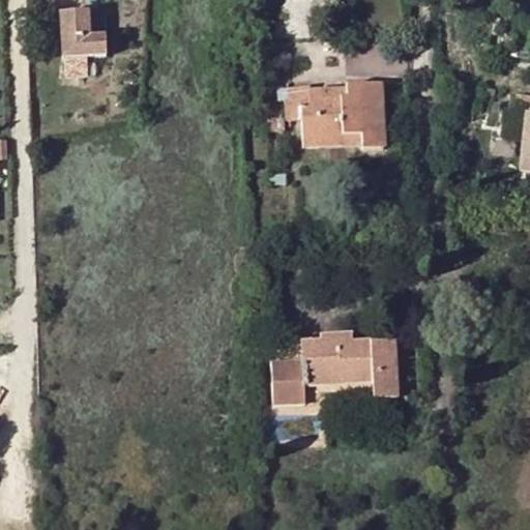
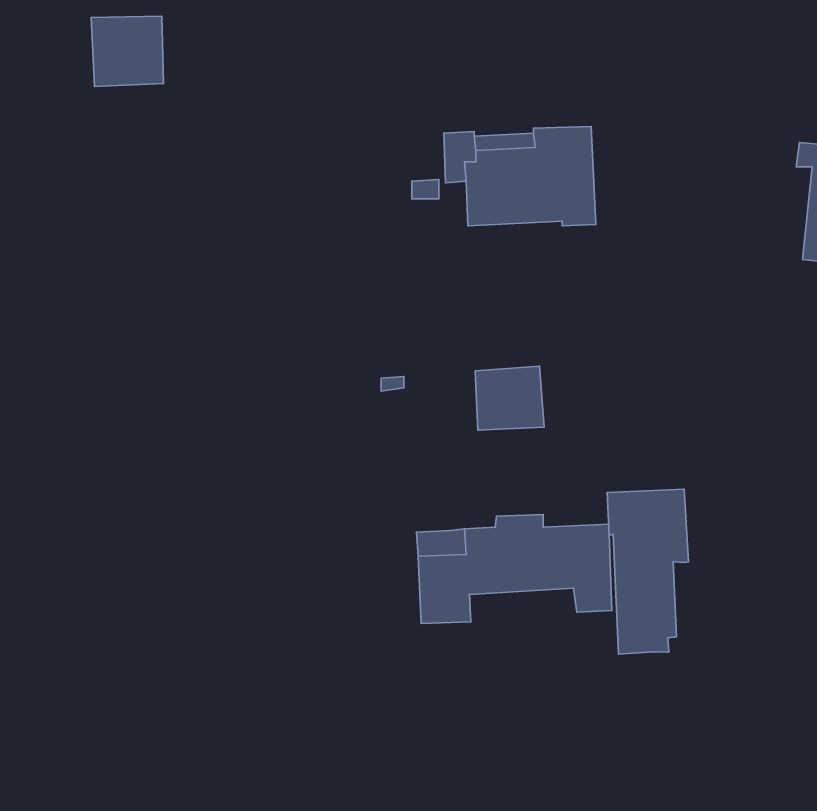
building: none -> [475,366,544,430]
building: none -> [607,489,688,654]

